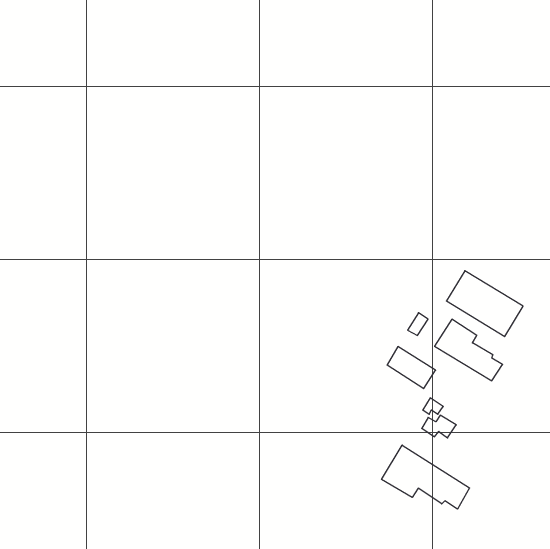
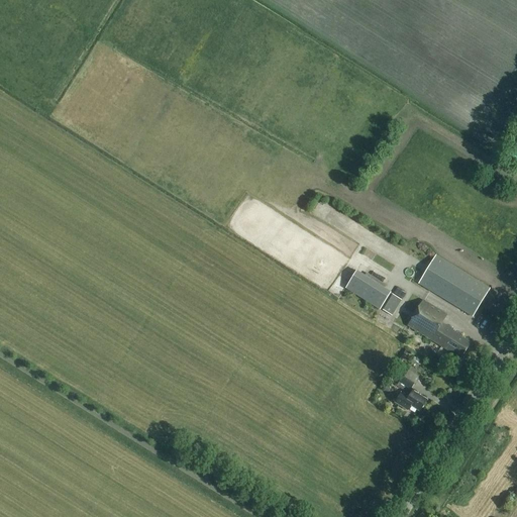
building: [387,347,436,389] -> [344,269,390,308]
building: [382,445,470,509] -> none

